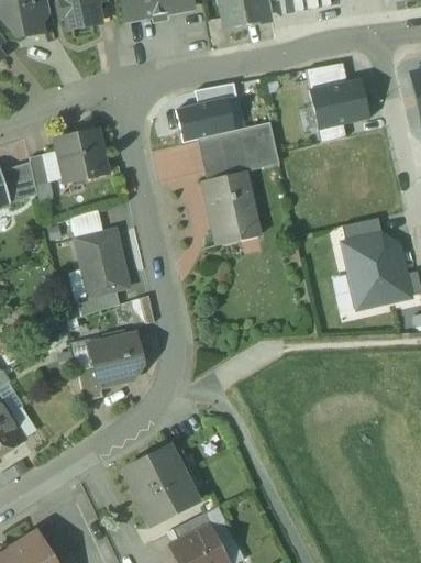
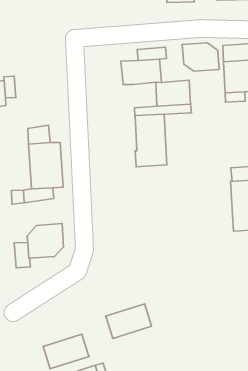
building: none -> [182,43,219,71]
building: [55,130,107,181] -> none
building: [198,132,233,169] -> none
building: [122,445,184,497] -> [106,304,151,339]

